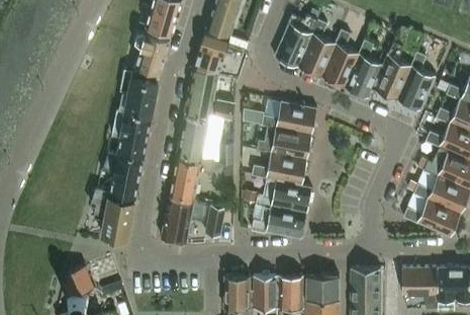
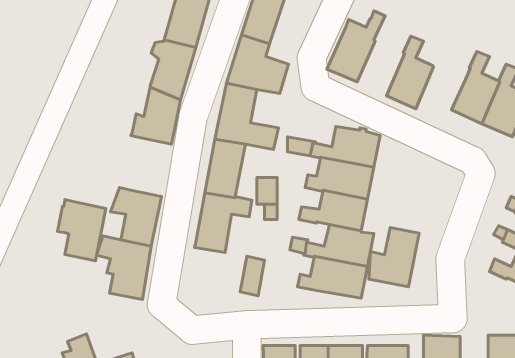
building: [298,20,336,78] -> none
building: [345,41,384,98] -> none
building: [112,109,151,158] -> [57,200,106,261]
building: none -> [369,228,419,287]
building: [161,199,205,243] -> none

